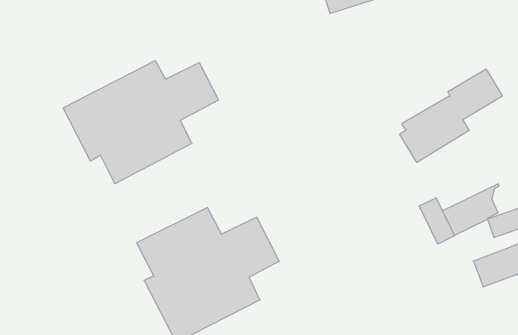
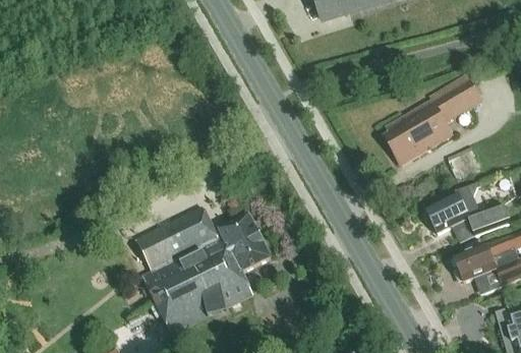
building: [63,61,218,184] -> none
building: [419,198,454,244] -> none

